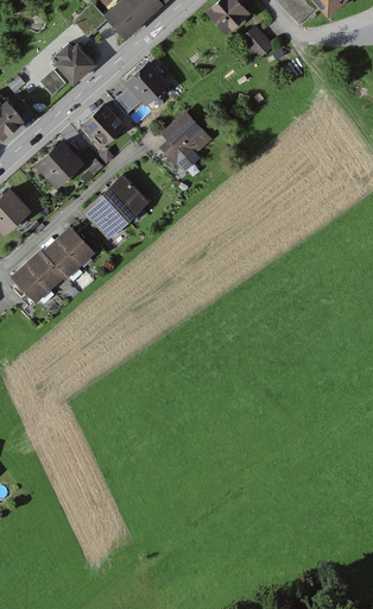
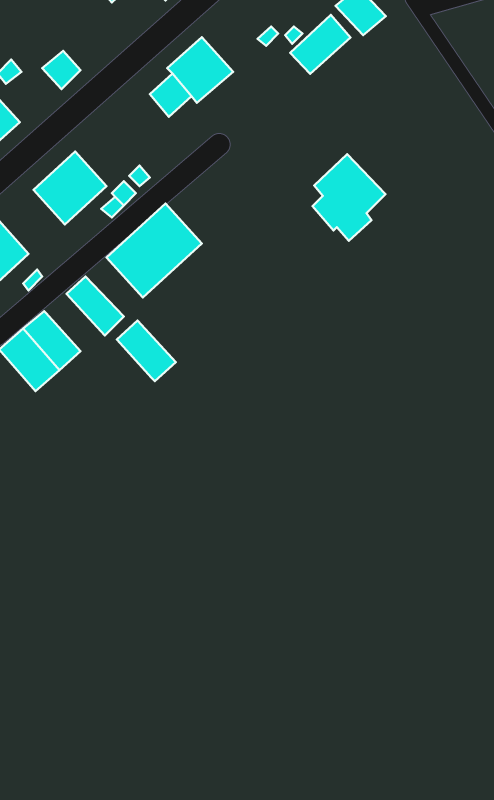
building: [56,40,96,82] -> none
building: none -> [290,15,350,74]
building: [81,101,126,146] -> none
building: [160,111,210,170] -> [313,154,385,241]
building: [43,236,83,277] -> [117,320,176,381]

